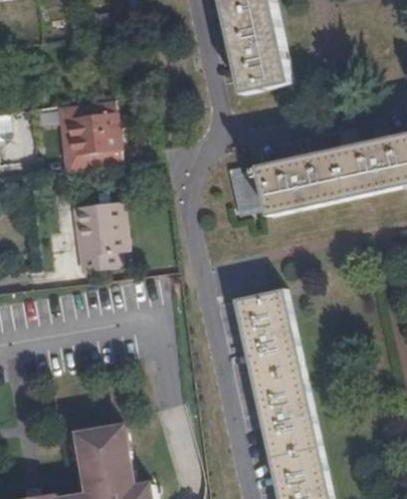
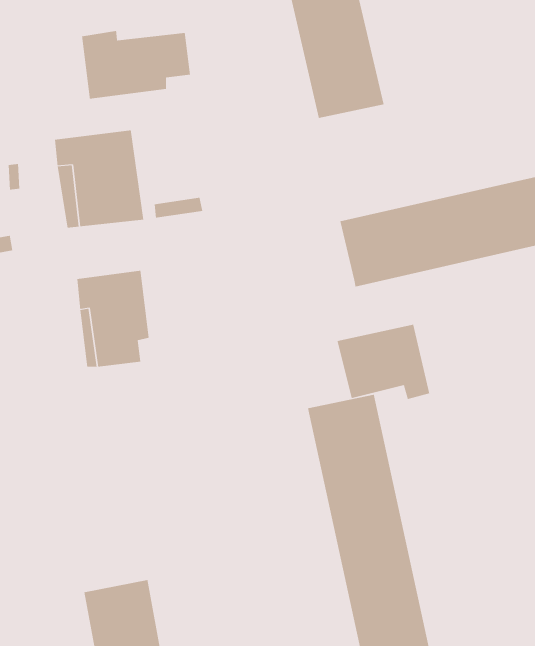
building: none -> [82,30,191,100]
building: [229,167,269,215] -> none
building: none -> [337,324,430,400]

